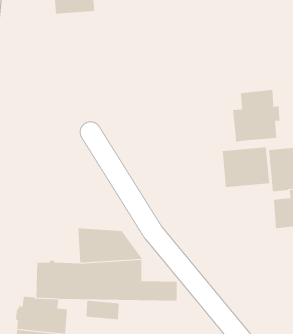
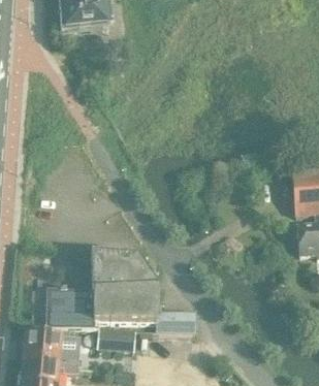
building: [233,89,280,142] -> none
building: [222,146,270,188] -> none

